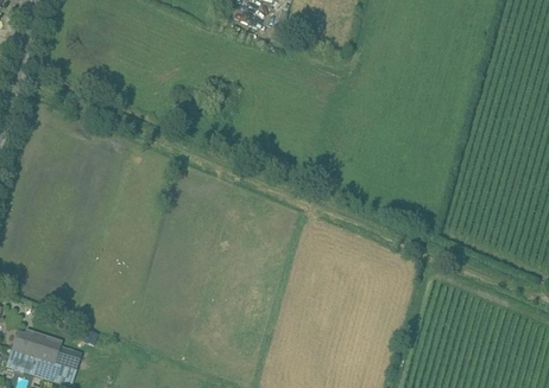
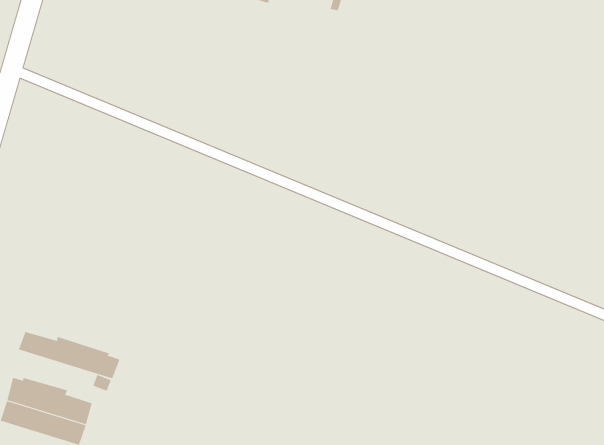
building: none -> [18,331,120,379]

